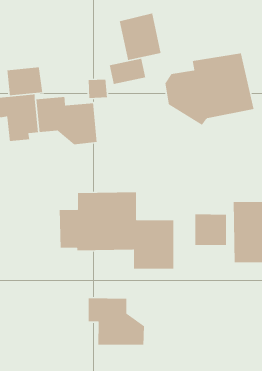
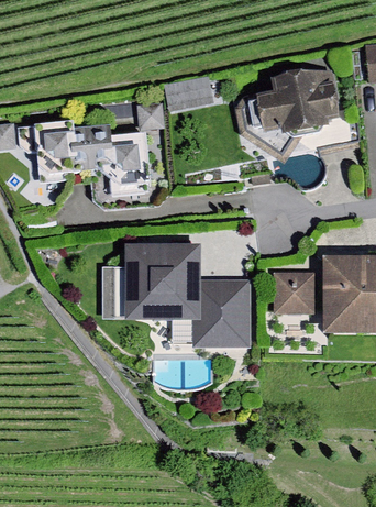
building: [119,13,162,61] -> none
building: [7,67,43,96] -> none
building: [88,298,145,345] -> none

